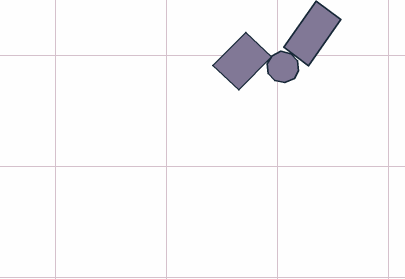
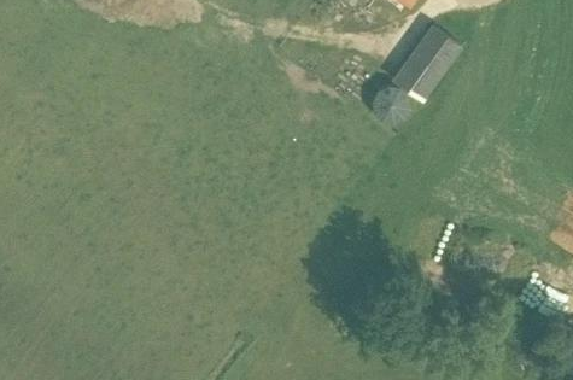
building: [213,33,271,90] -> none

